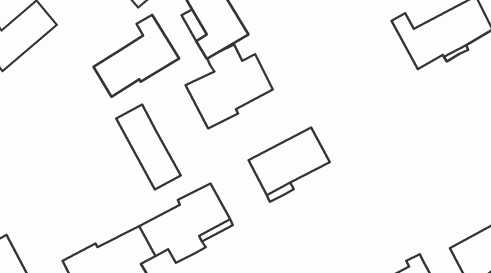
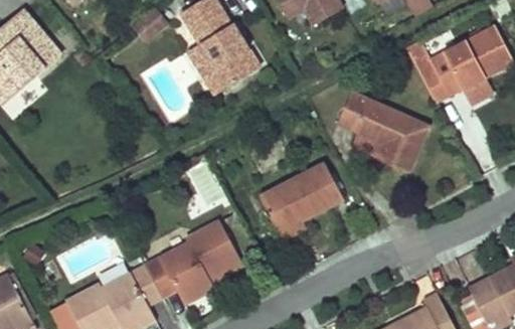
building: [93,15,179,97] -> none
building: [185,44,273,129] -> none
building: none -> [338,91,428,171]
building: [116,105,181,189] -> none

